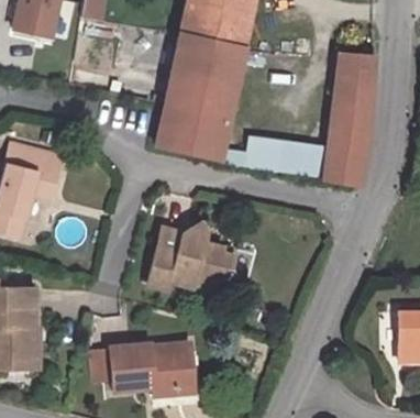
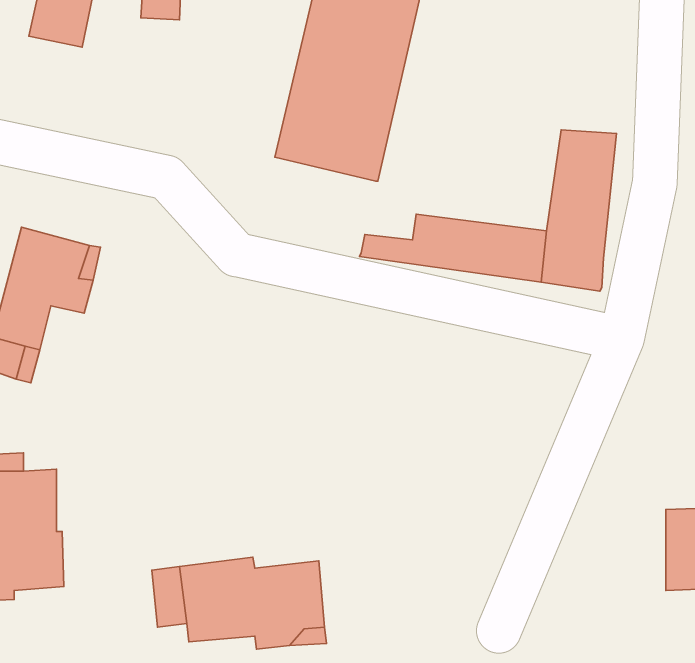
building: [338,55,373,87] -> none
building: [156,101,228,158] -> none
building: [147,228,237,293] -> none

